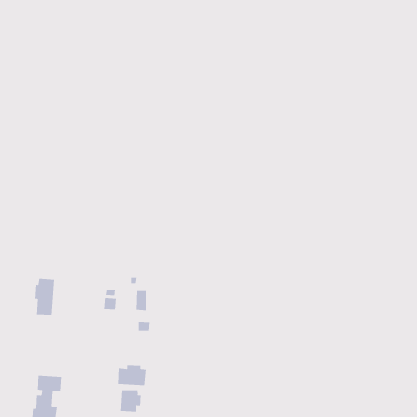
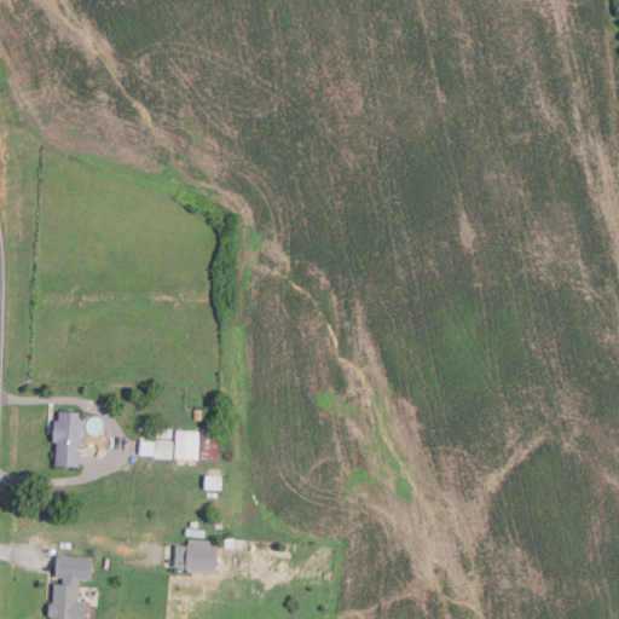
building: none -> [174,432,199,459]
building: [120,390,141,413] -> none

